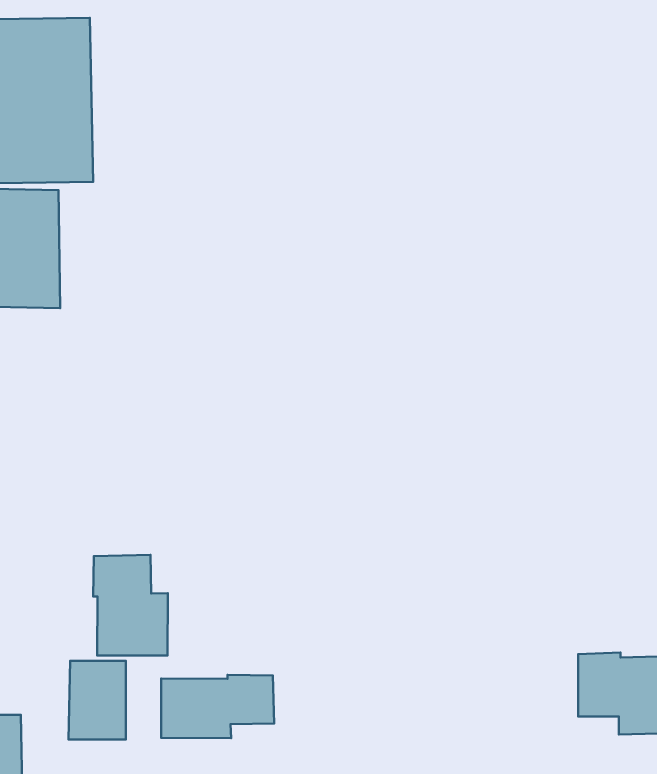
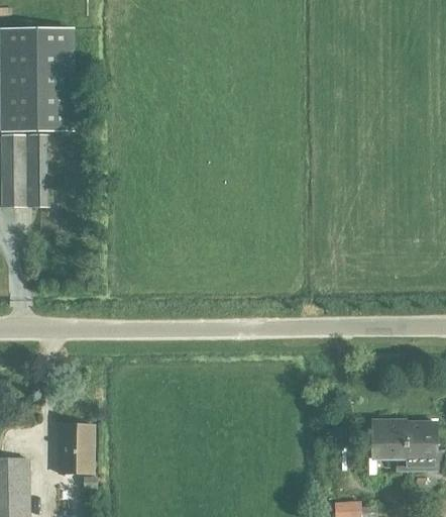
building: [93,555,168,655] -> none
building: [161,675,274,738] -> none

